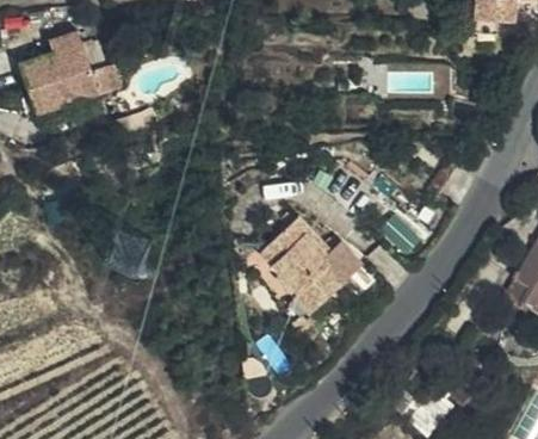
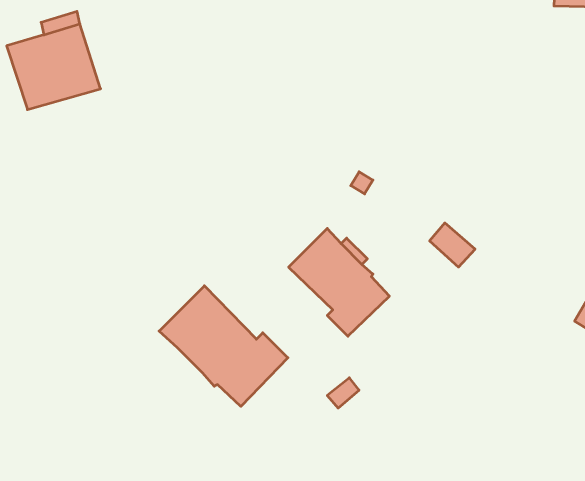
building: none -> [159,286,288,406]

